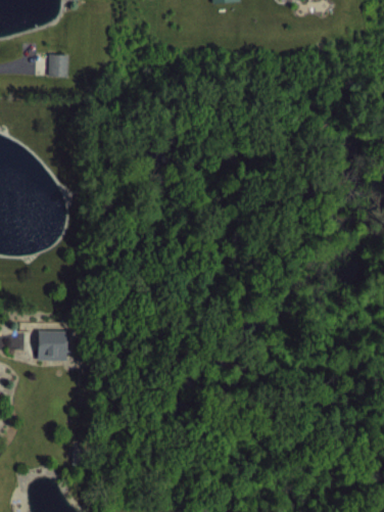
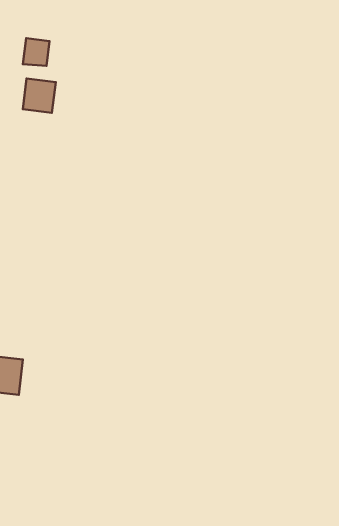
building: none -> [23,79,56,113]

